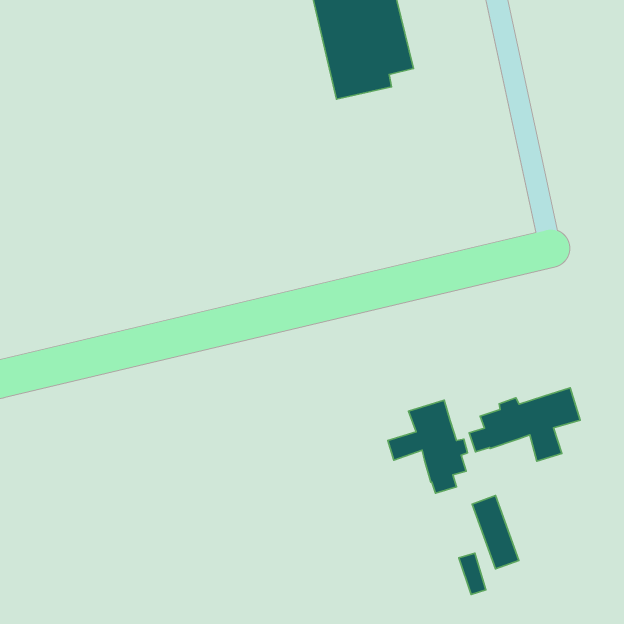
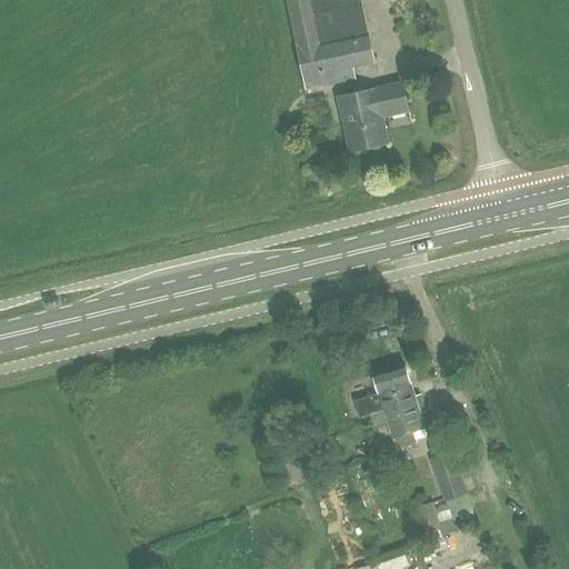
building: none -> [338,82,408,151]
building: [469,388,580,461] -> none

